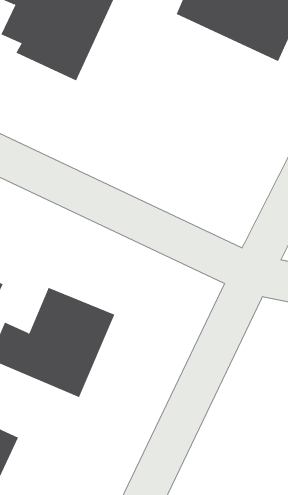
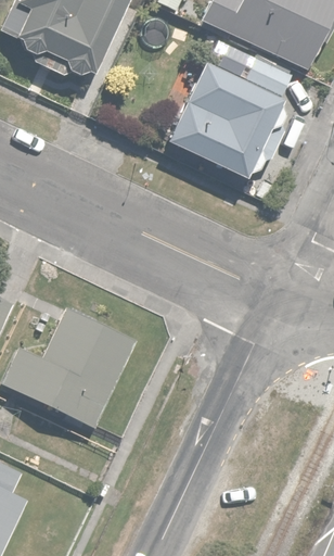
building: none -> [162,52,297,179]

